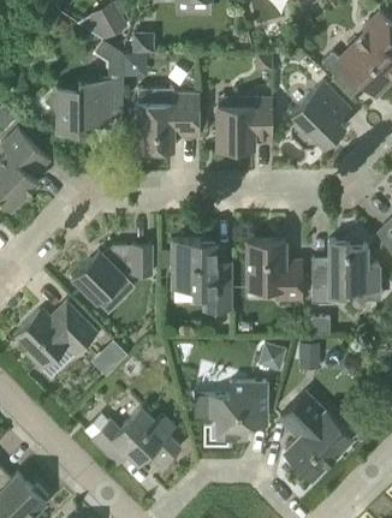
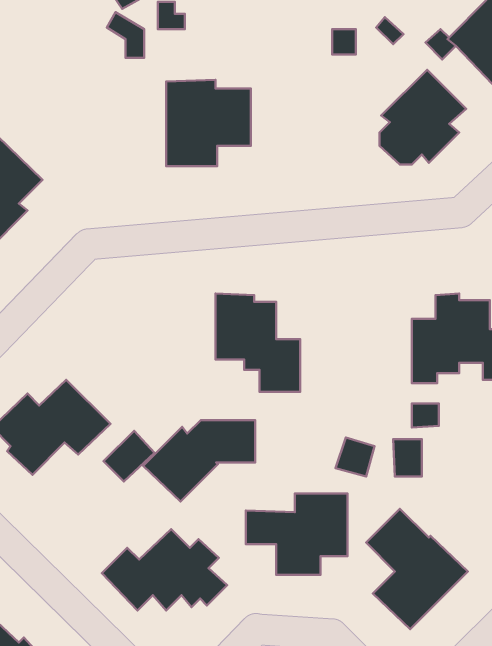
building: [44,81,109,133] -> none
building: [218,100,273,150] -> none
building: [248,242,303,299] -> none
building: [72,245,152,303] -> [143,420,255,501]

